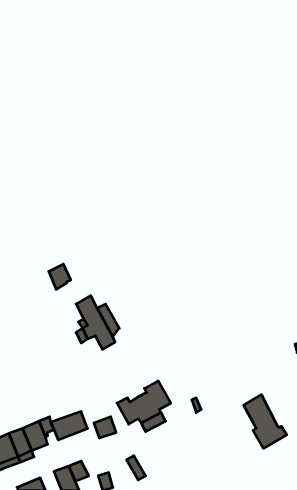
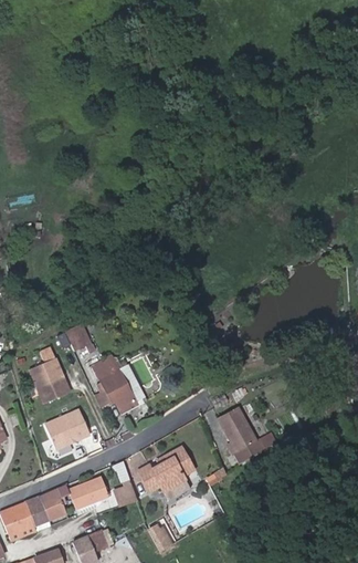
building: none -> [30,356,70,402]
building: none -> [45,408,89,448]
building: [244,395,287,448] -> [219,407,264,463]

